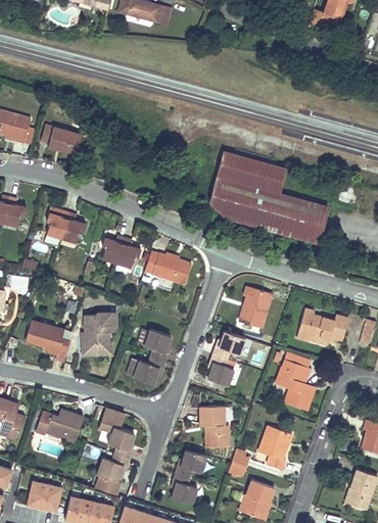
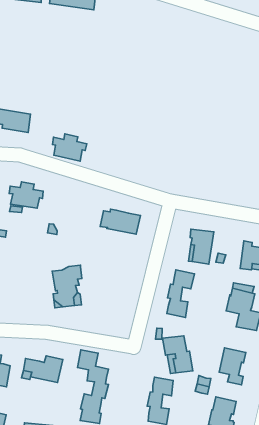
building: [209,150,328,243] -> none
building: [102,235,141,268] -> [53,134,87,161]
building: [26,320,73,360] -> none
building: [133,328,171,384] -> none

